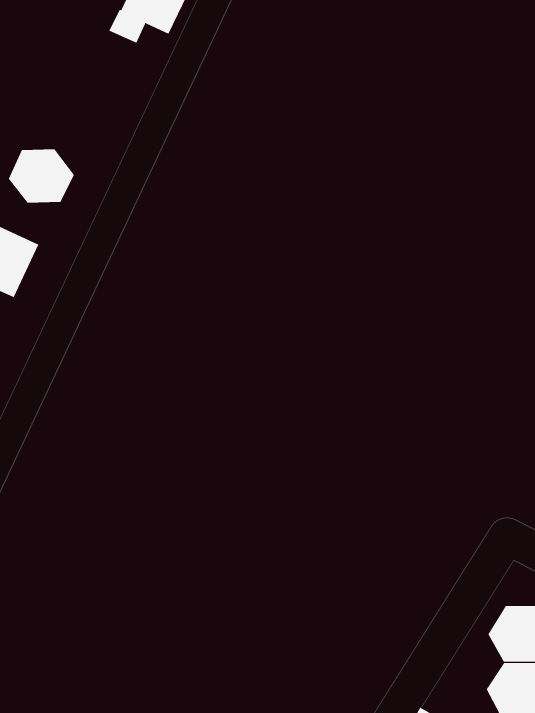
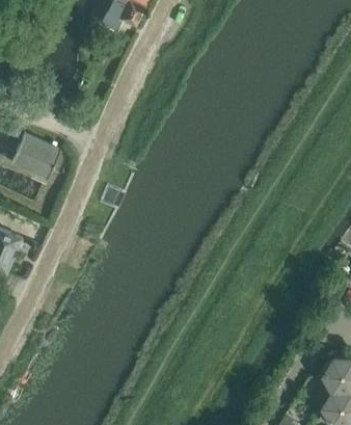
building: [8,148,74,204] -> none

